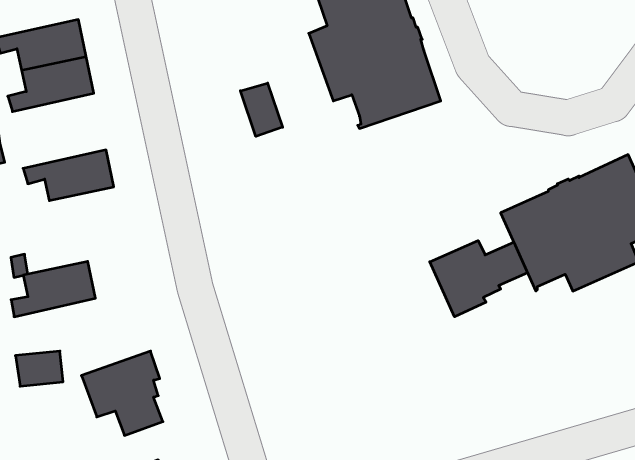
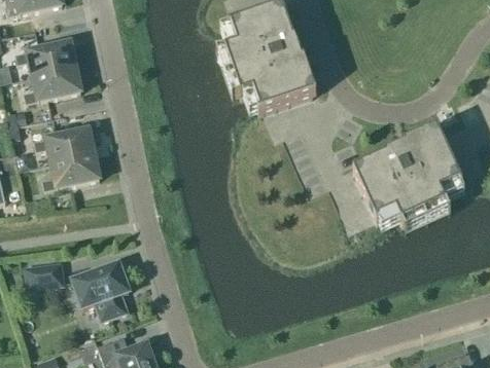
building: [240,83,283,136] -> none
building: [430,241,528,317] -> none
building: [11,261,95,317] -> [43,153,100,190]

